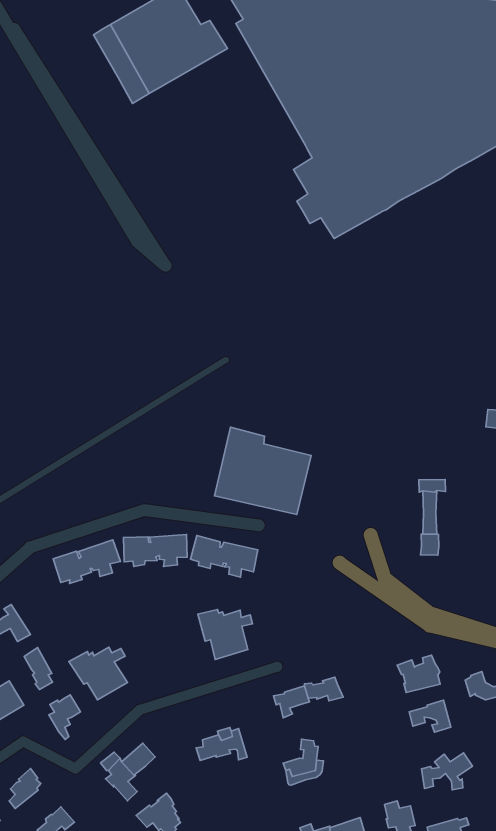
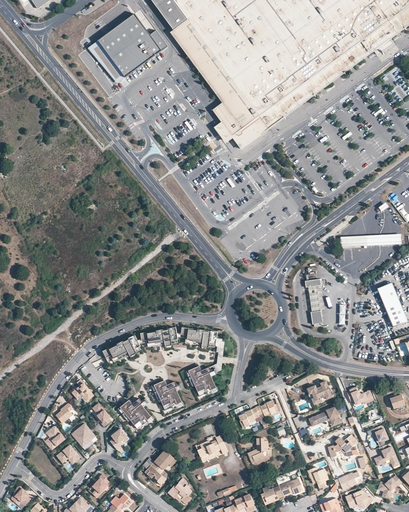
building: [215,427,311,514] -> none
building: none -> [152,381,184,410]

